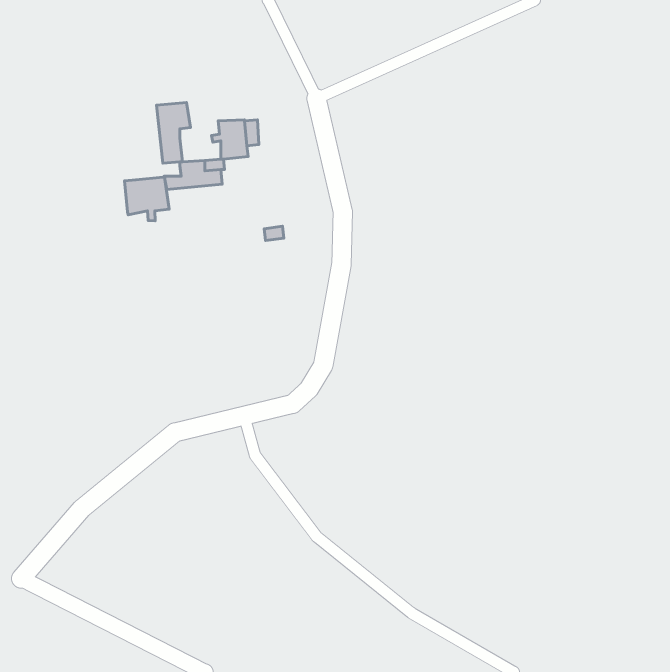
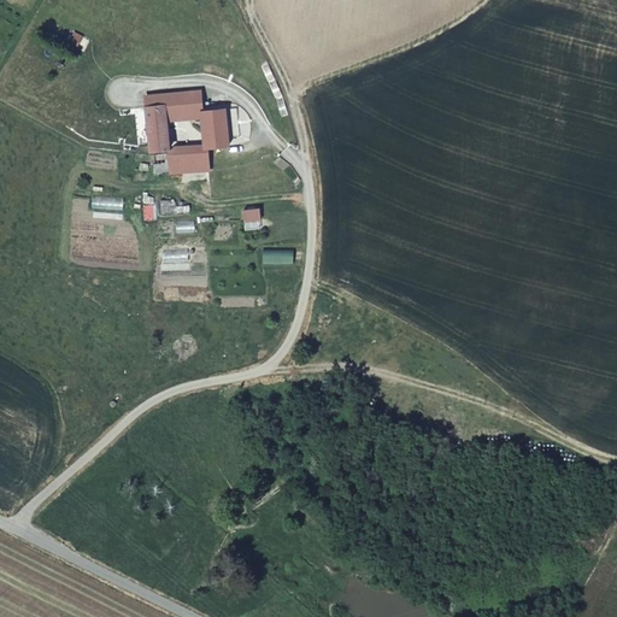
building: none -> [166,92,202,127]
building: [124,177,169,221] -> none

